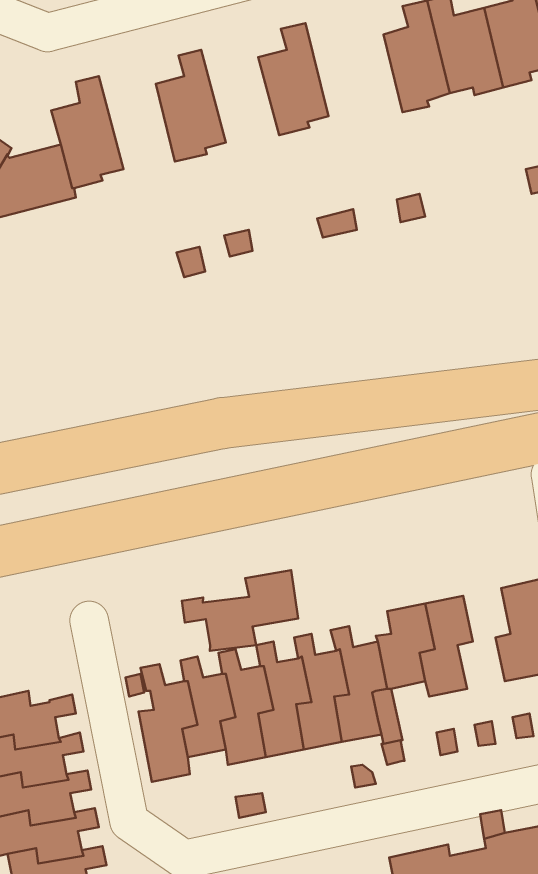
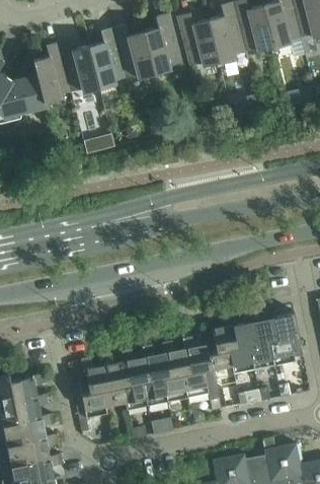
building: none -> [177,13,220,67]
building: none -> [112,25,154,79]
building: none -> [58,40,98,93]
building: [182,570,298,651] -> none
building: none -> [249,317,277,370]

